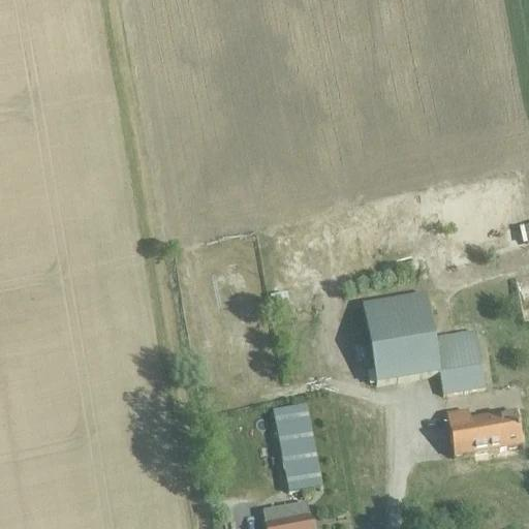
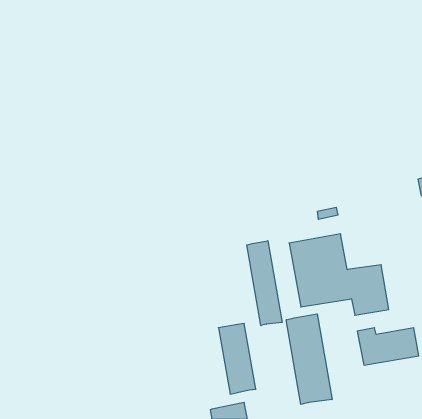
building: none -> [247,241,282,326]
building: none -> [286,314,332,404]

